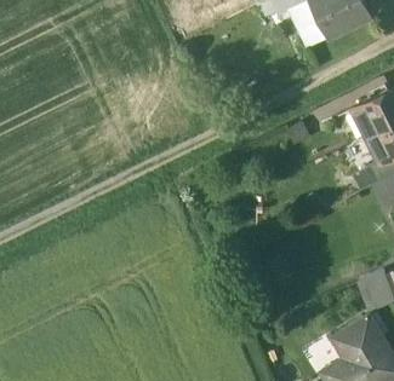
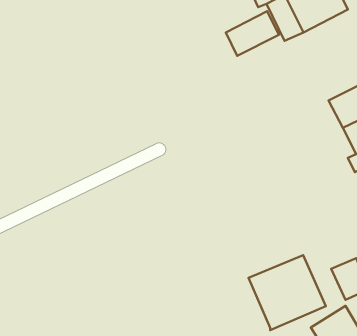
building: none -> [226,11,279,56]
building: none -> [249,255,326,330]

